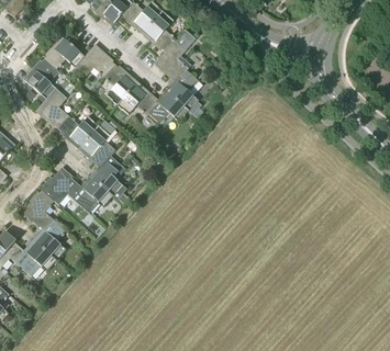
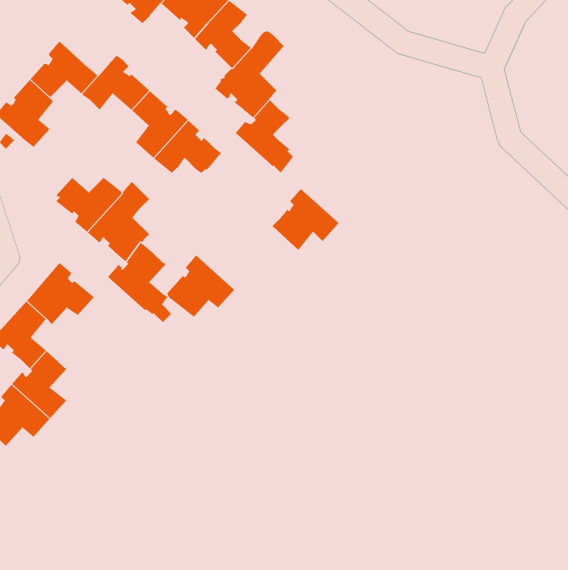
building: [34,87,68,126] -> none
building: [147,89,188,126] -> [271,188,339,251]
building: [71,174,112,212] -> [166,255,235,317]

